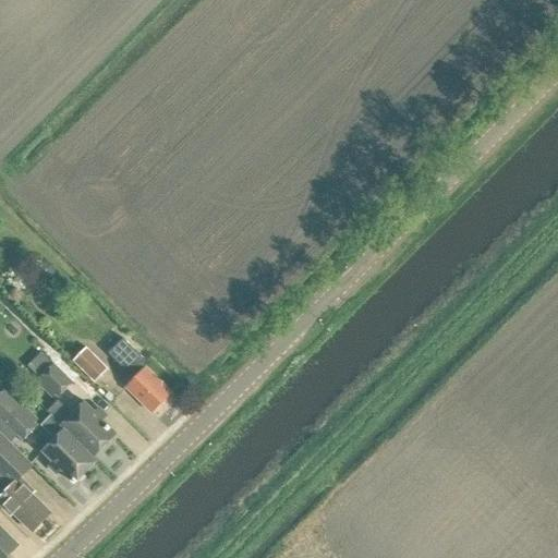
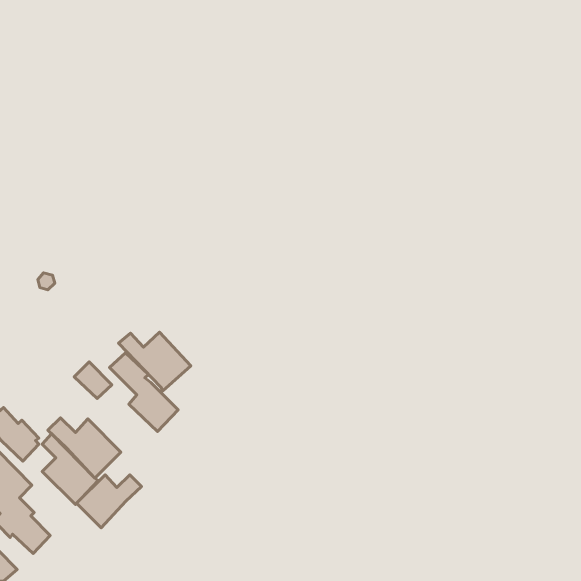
building: none -> [119,332,191,391]
building: [34,362,72,397] -> none
building: none -> [77,475,141,528]

